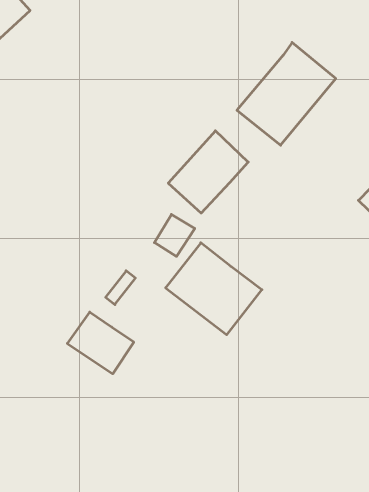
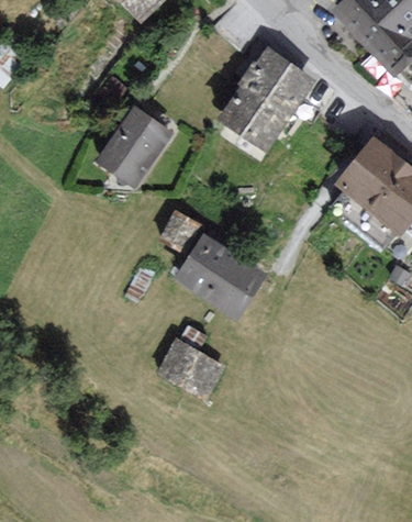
building: [168,131,248,213] -> [98,110,166,184]
building: [67,312,134,374] -> [160,344,219,396]

